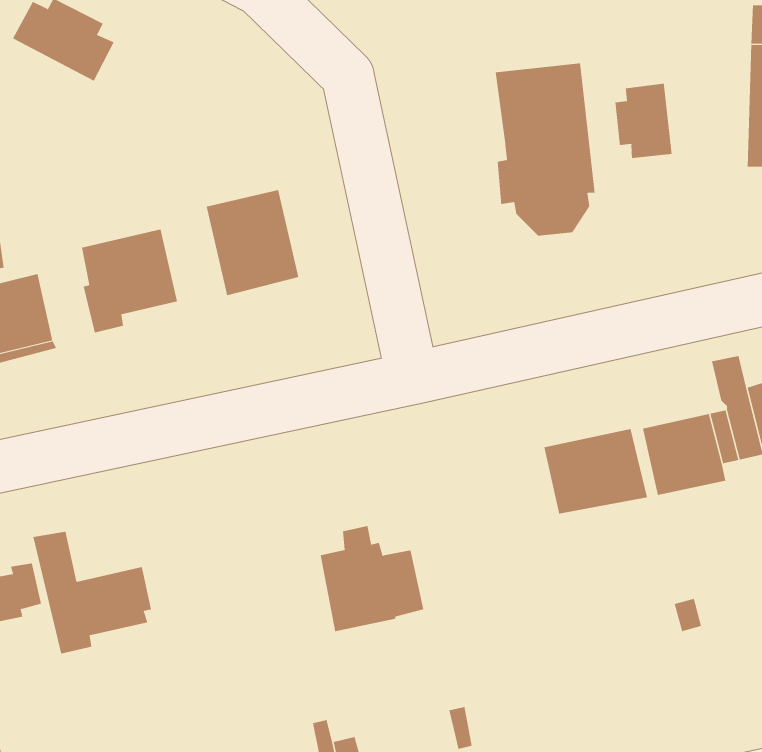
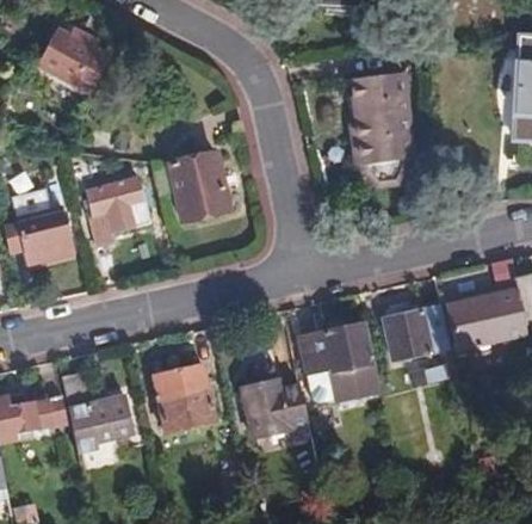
building: [615,83,672,159] -> none
building: none -> [299,322,381,395]
building: none -> [151,364,215,438]

